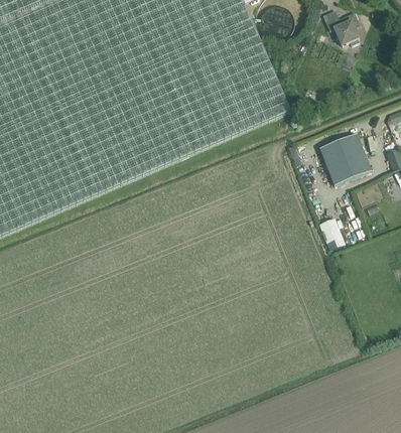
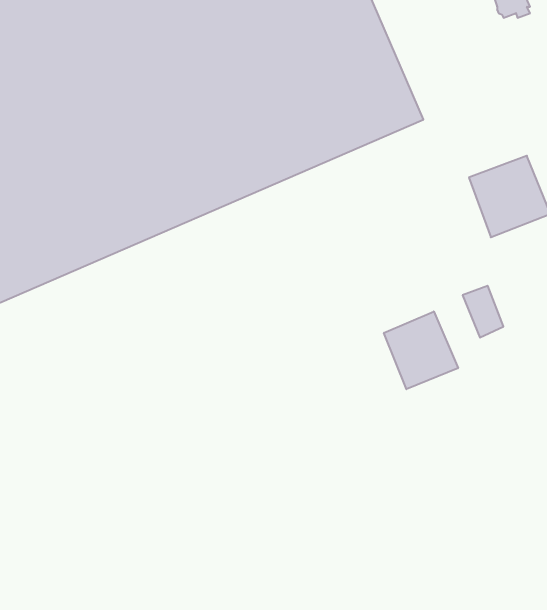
building: none -> [384,311,458,389]

